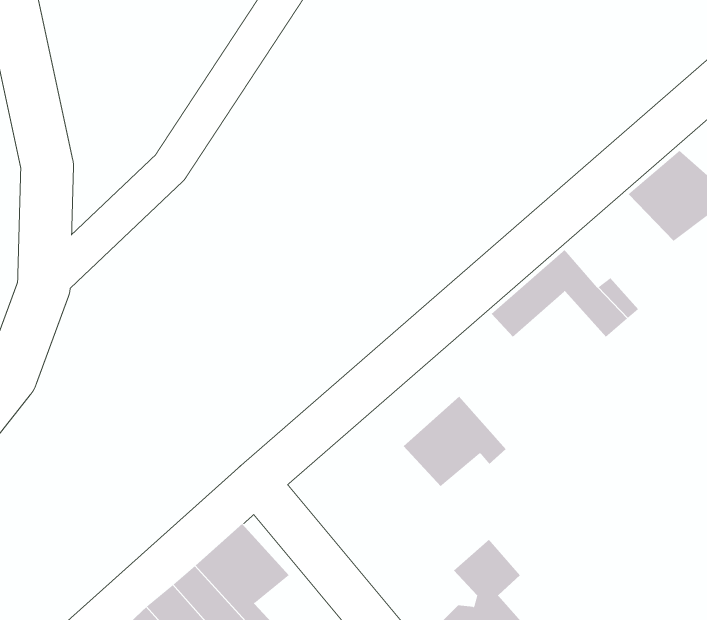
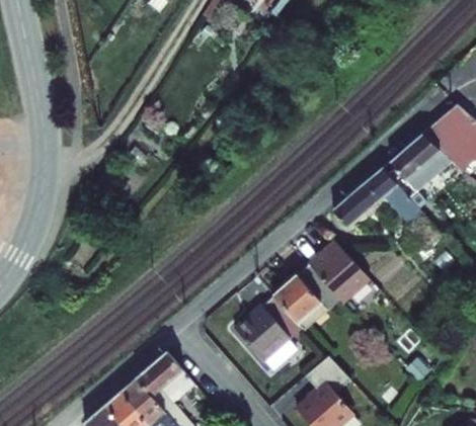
building: none -> [385,136,462,189]
building: none -> [310,241,371,304]
building: none -> [231,297,299,372]

